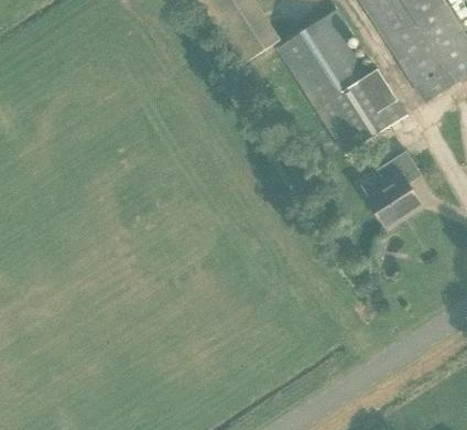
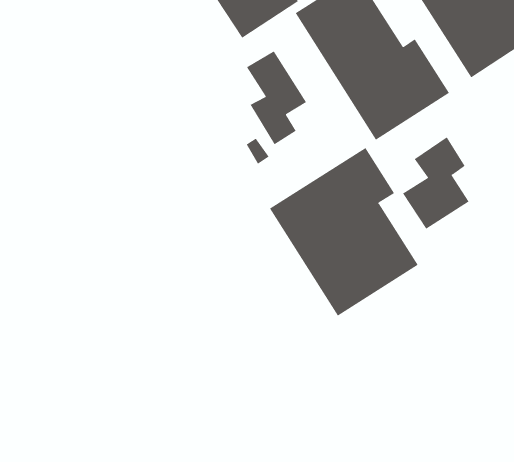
building: none -> [246,50,307,145]
building: none -> [269,147,418,316]

